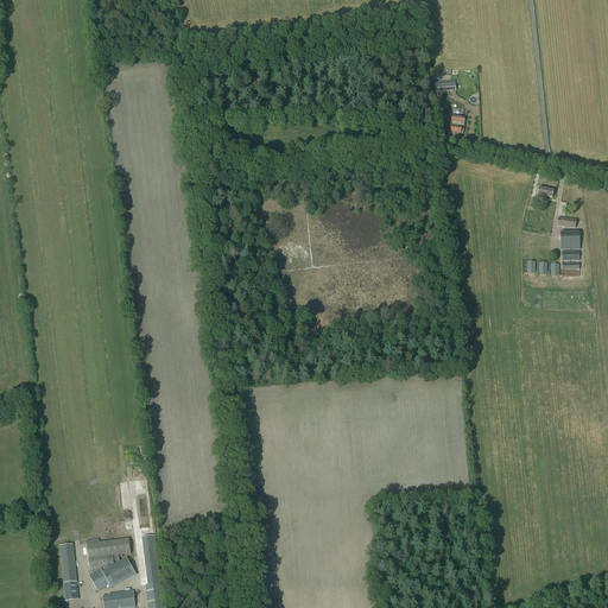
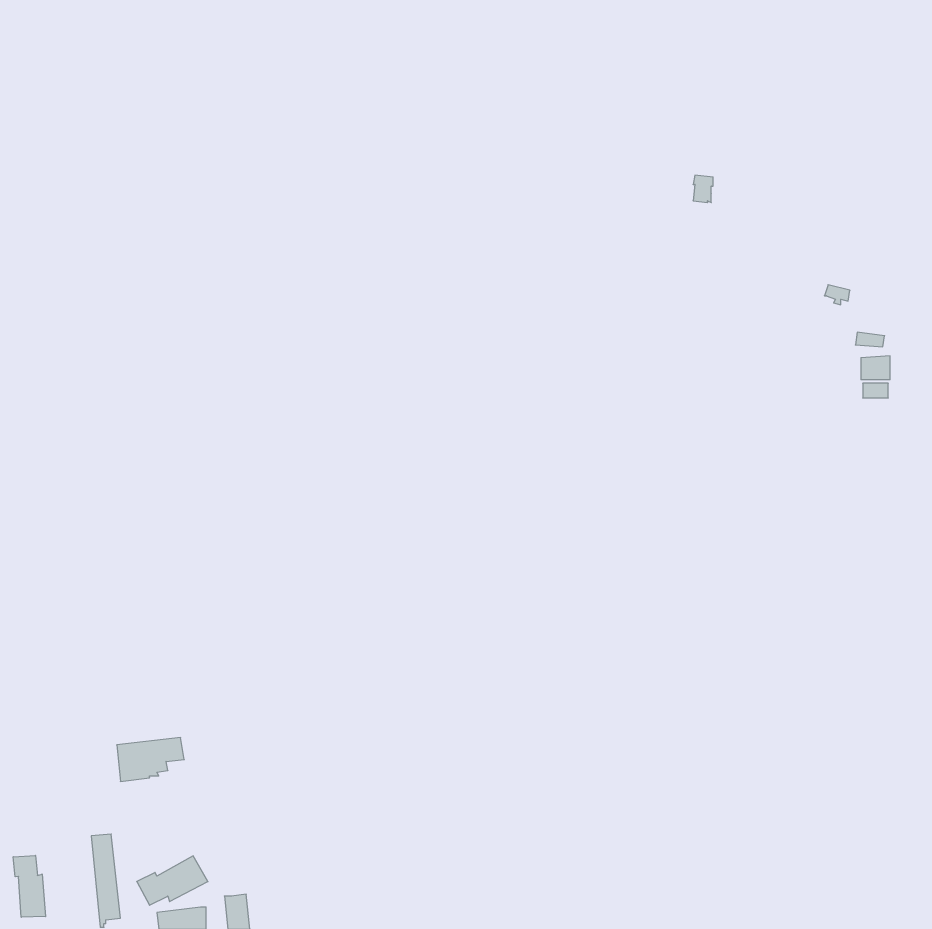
building: [87,538,131,566] -> [117,738,184,781]
building: none -> [13,855,46,917]

